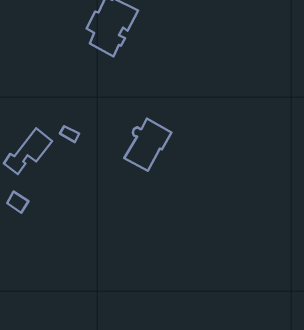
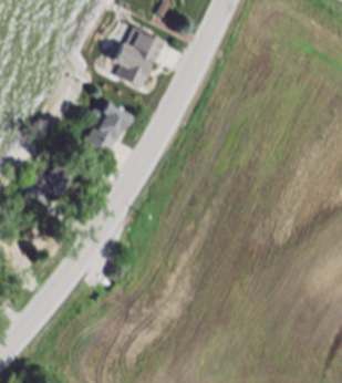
building: [124,118,172,171] -> [84,101,133,155]

